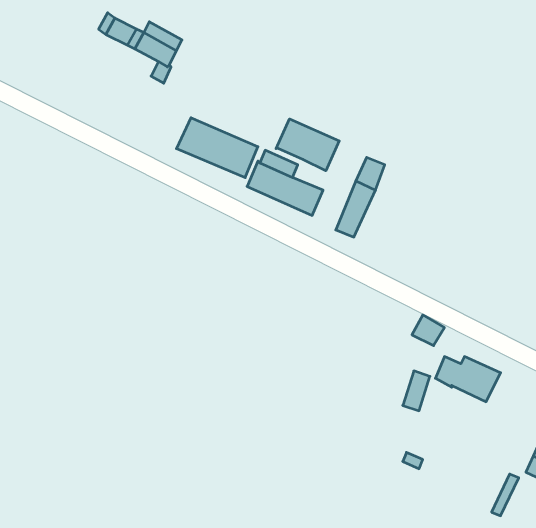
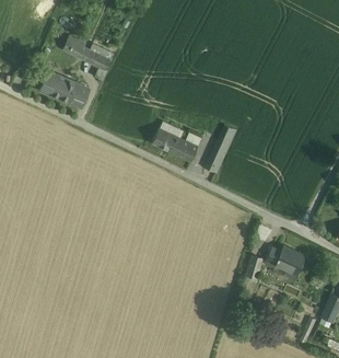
building: [176,118,258,178] -> [39,71,89,107]
building: [276,119,339,171] -> none

